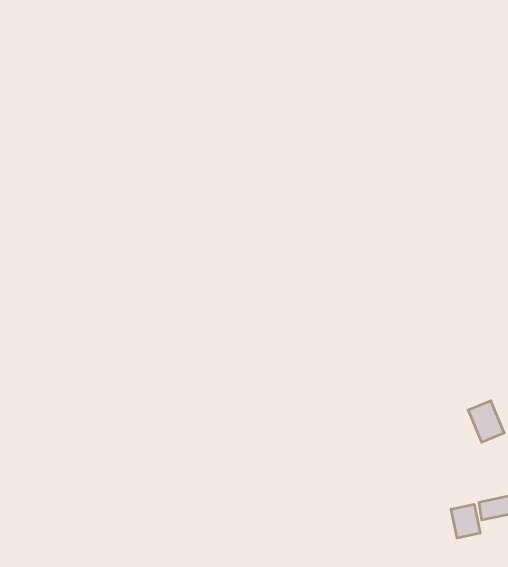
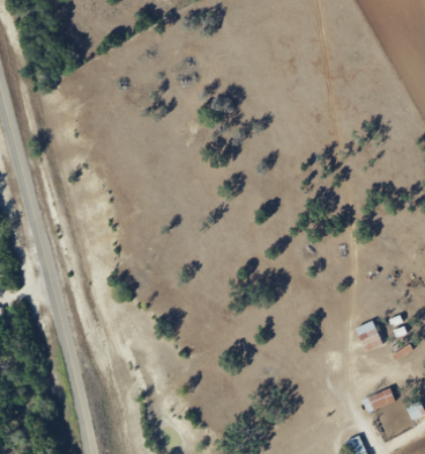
building: [451,504,480,538] -> none

